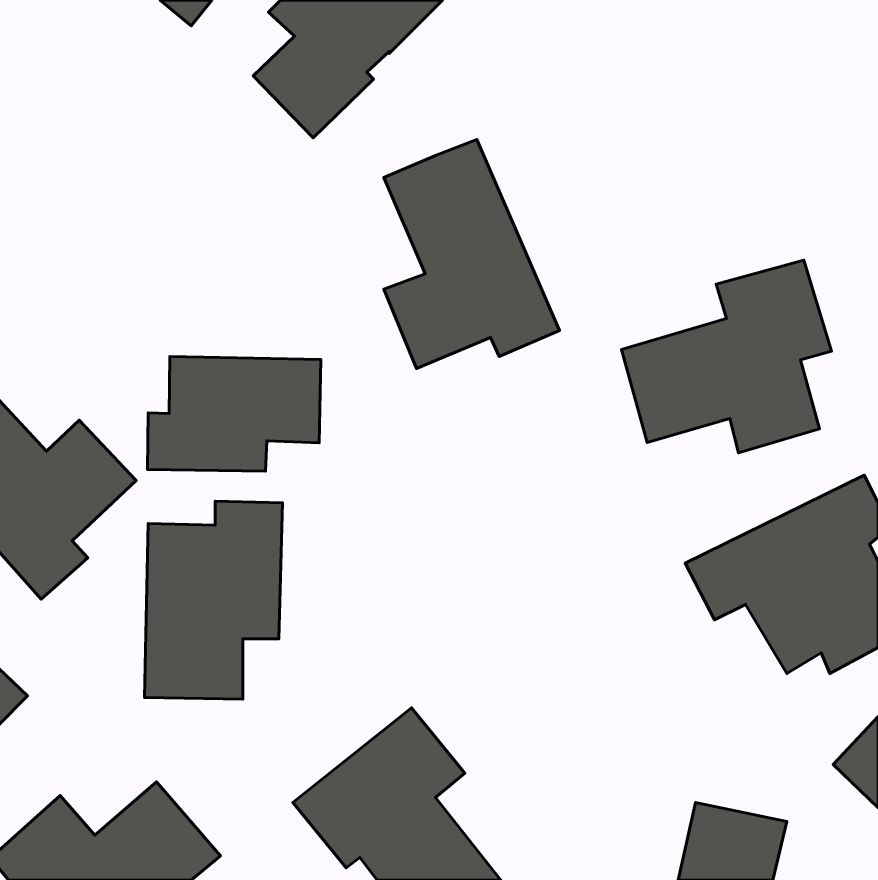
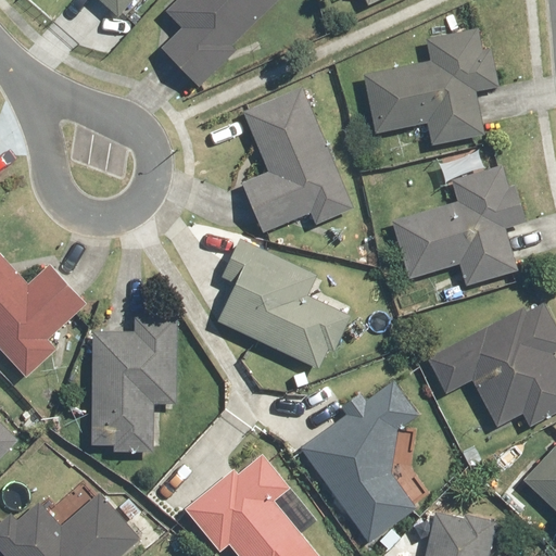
building: none -> [363,28,498,144]
building: [147,357,321,471] -> none
building: none -> [217,240,343,369]
building: none -> [300,381,415,541]

